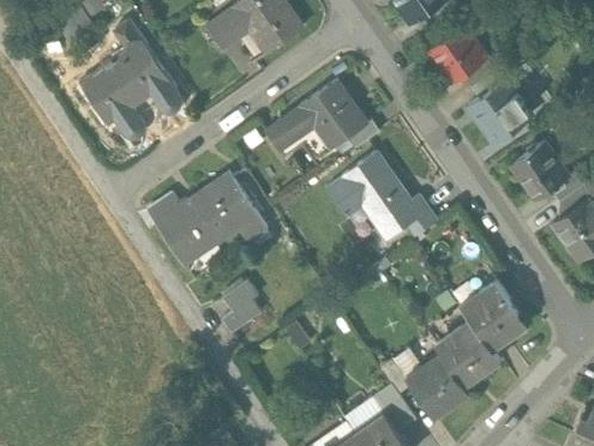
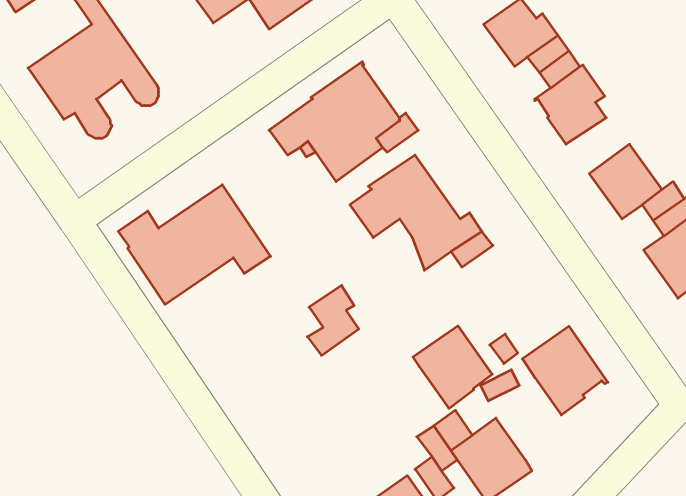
building: [222,281,262,334] -> [307,285,359,355]
building: [437,323,498,386] -> [413,326,492,408]

